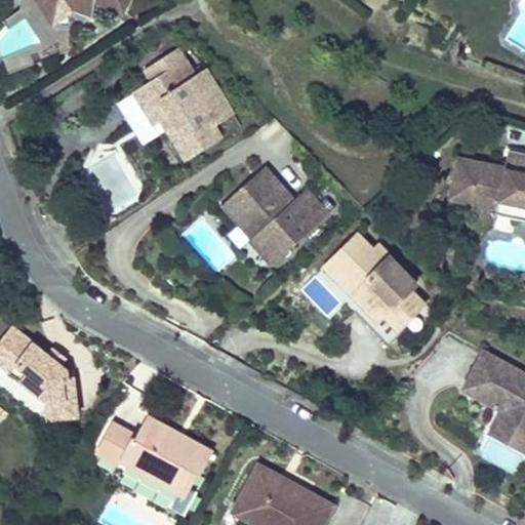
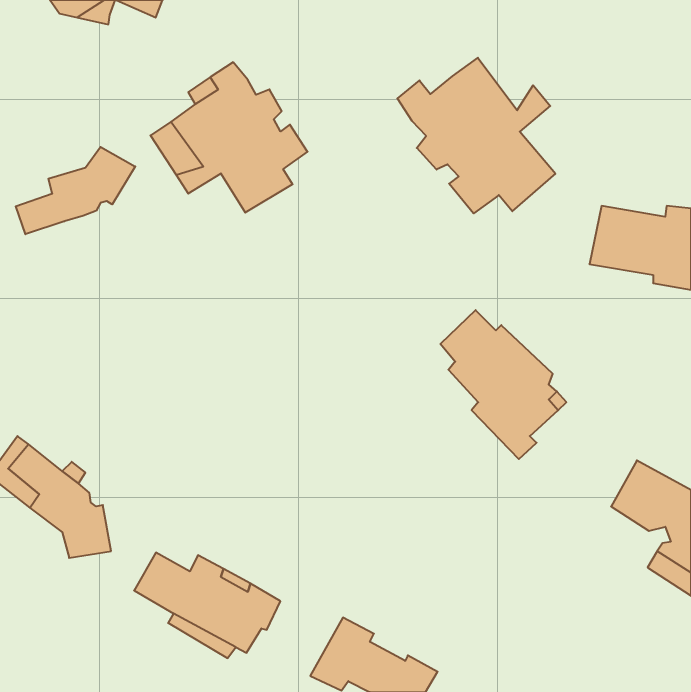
building: none -> [397,58,555,213]
building: none -> [16,147,135,234]
building: [225,166,325,260] -> none

